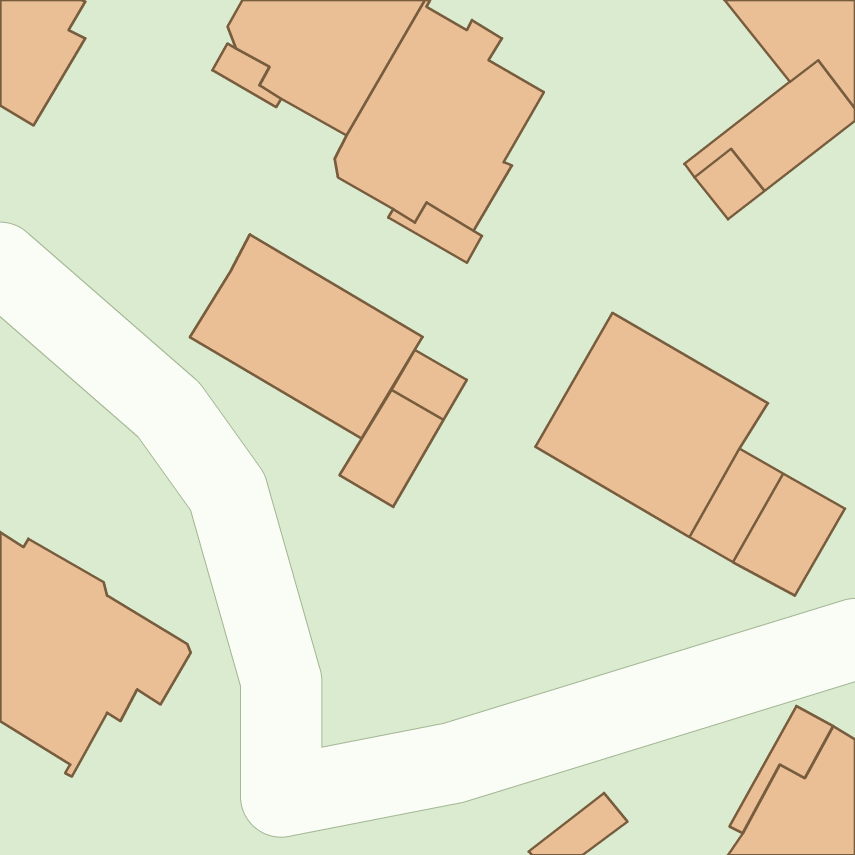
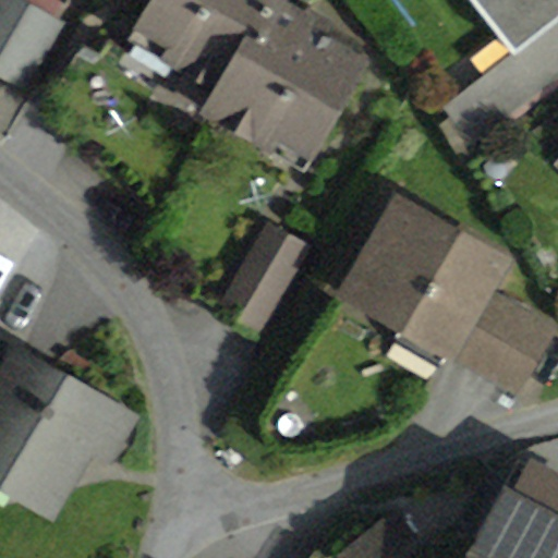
building: [190,234,423,438] -> none

